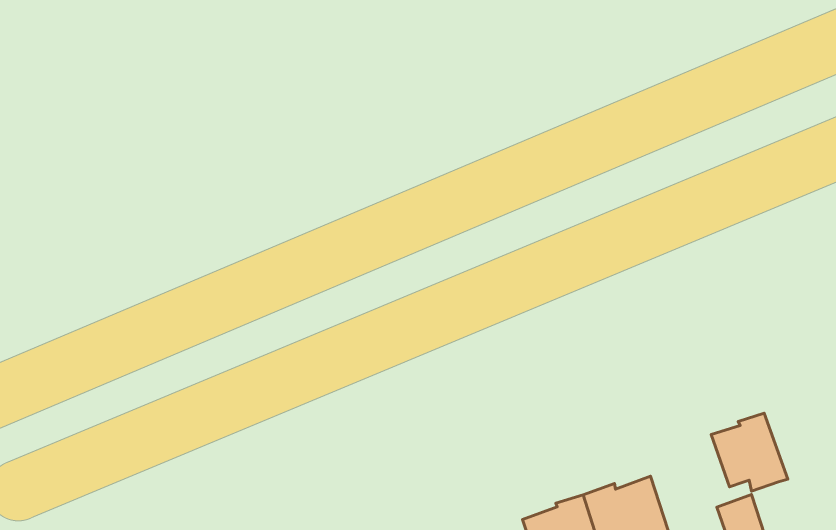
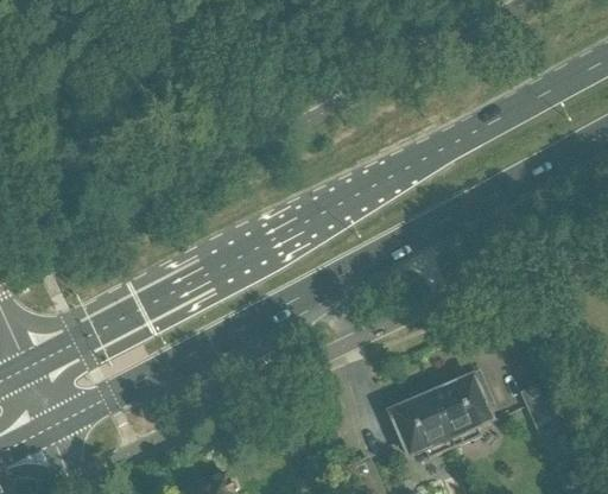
building: [711,413,788,491] -> none

